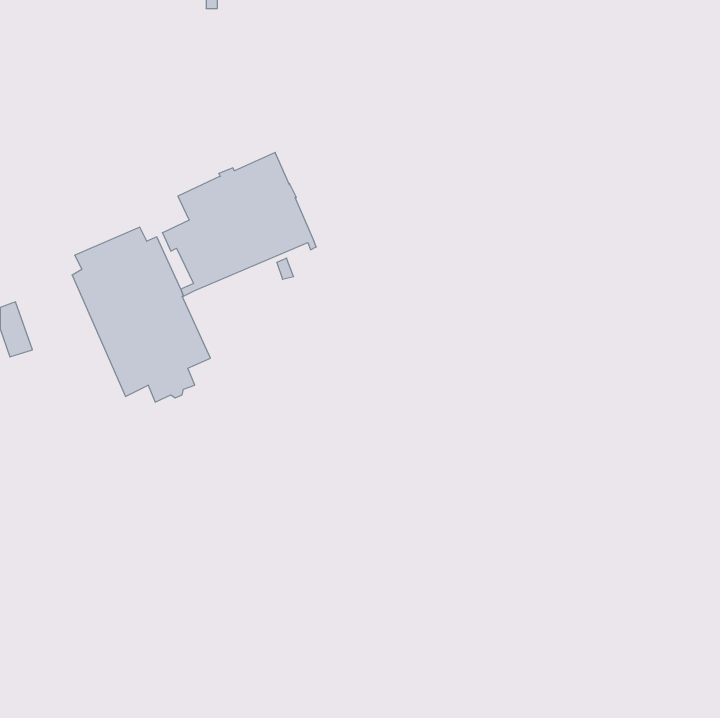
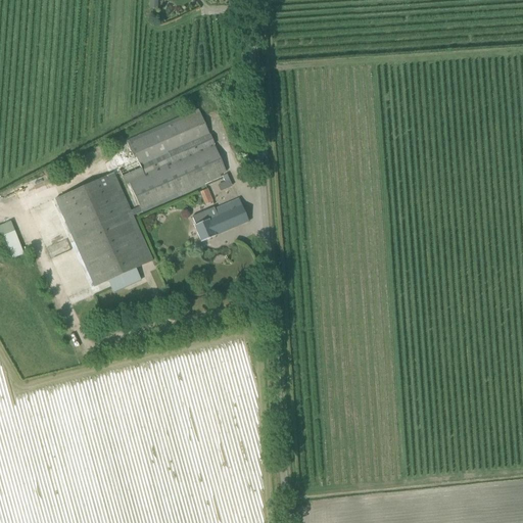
building: none -> [193,198,249,240]

